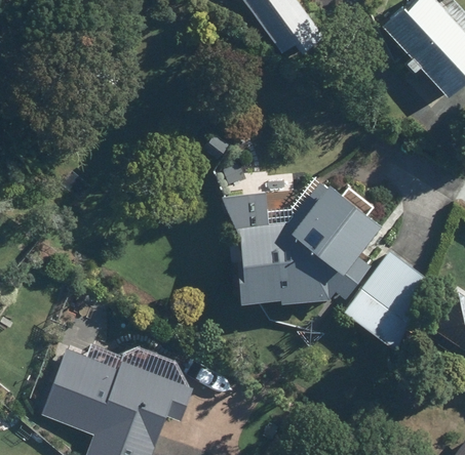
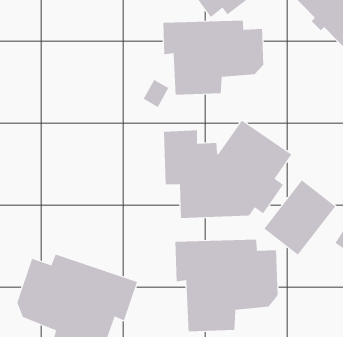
building: none -> [163,20,264,95]
building: none -> [175,239,278,332]

